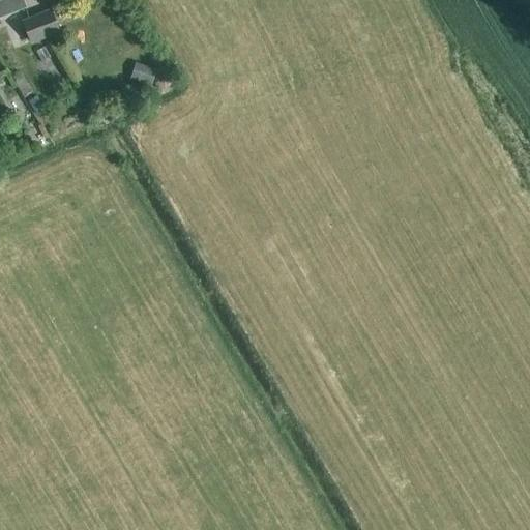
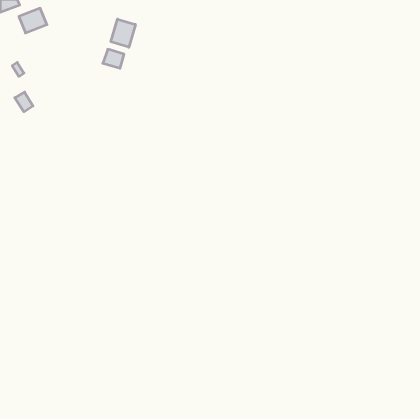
building: none -> [111,19,135,47]

